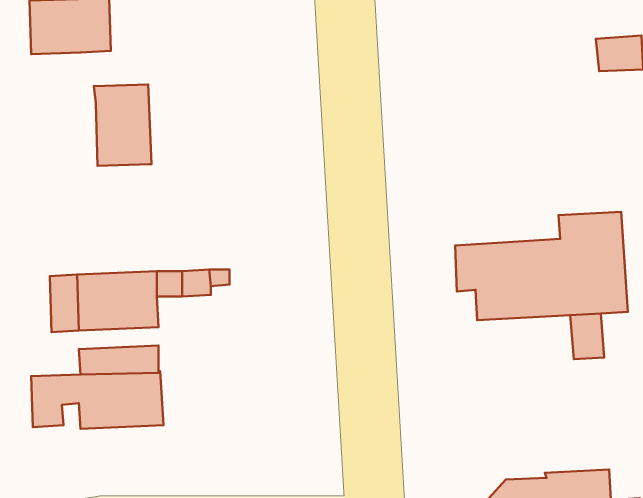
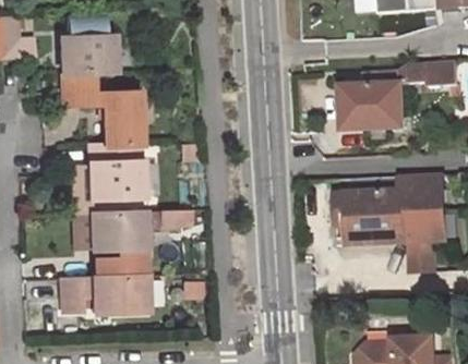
building: none -> [341,63,405,129]
building: none -> [62,71,96,105]
building: none -> [88,143,142,198]

